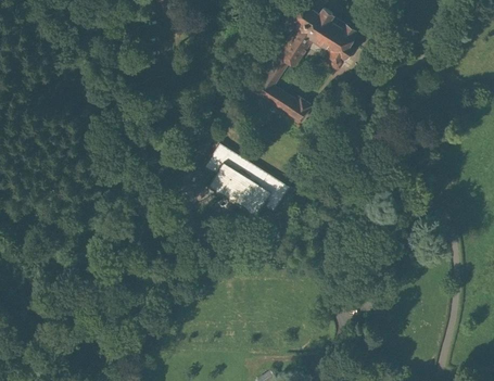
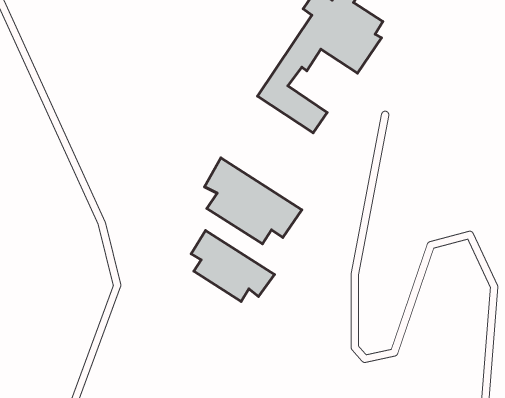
building: none -> [191,230,274,302]

